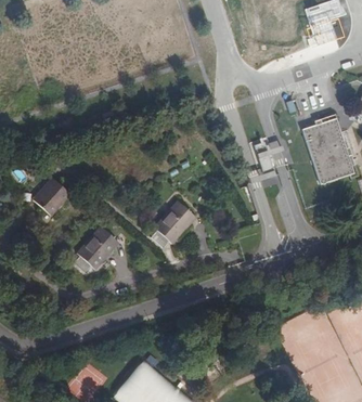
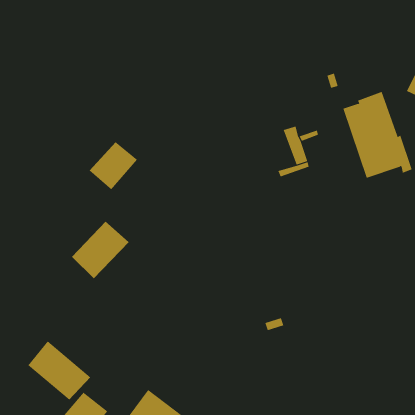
building: [35,177,75,217] -> [89,141,138,190]
building: [155,204,197,247] -> none
building: none -> [28,340,91,401]

